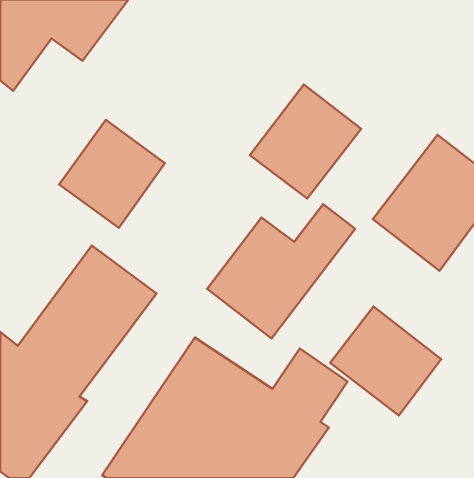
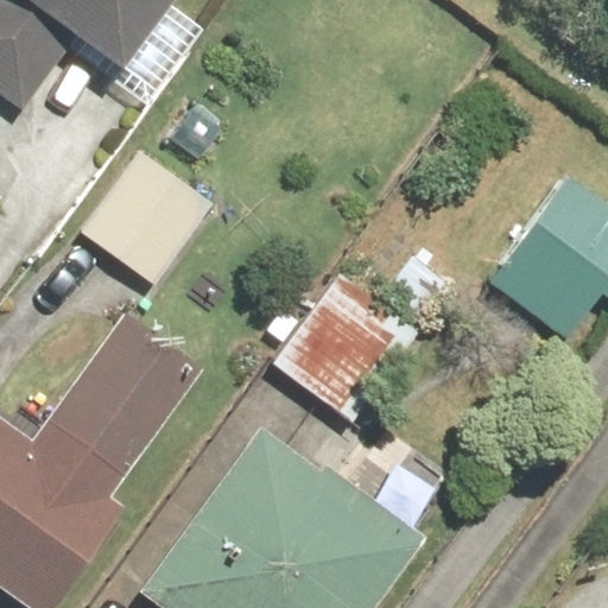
building: [250,84,361,199] -> none
building: [330,307,441,415] -> none

